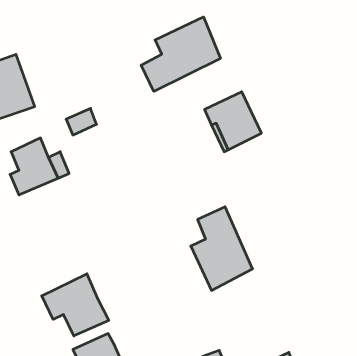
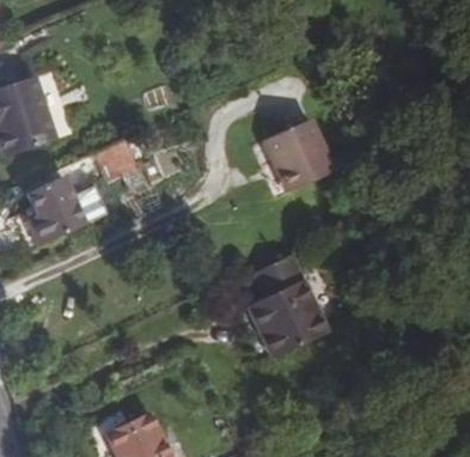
building: [141,17,220,91] -> none
building: [42,274,109,336] -> none

